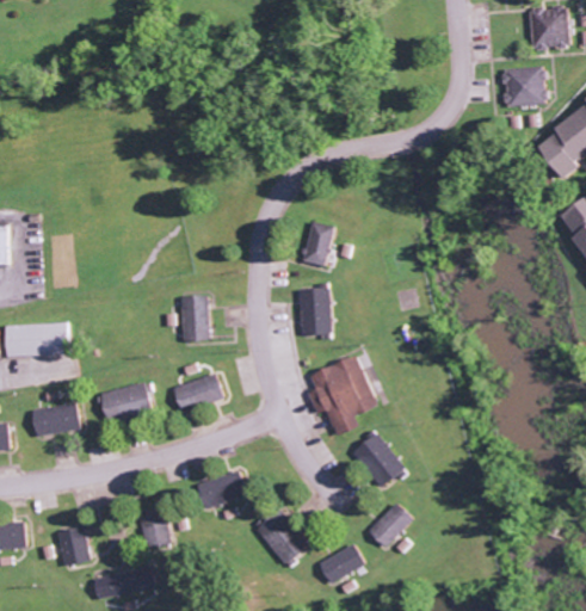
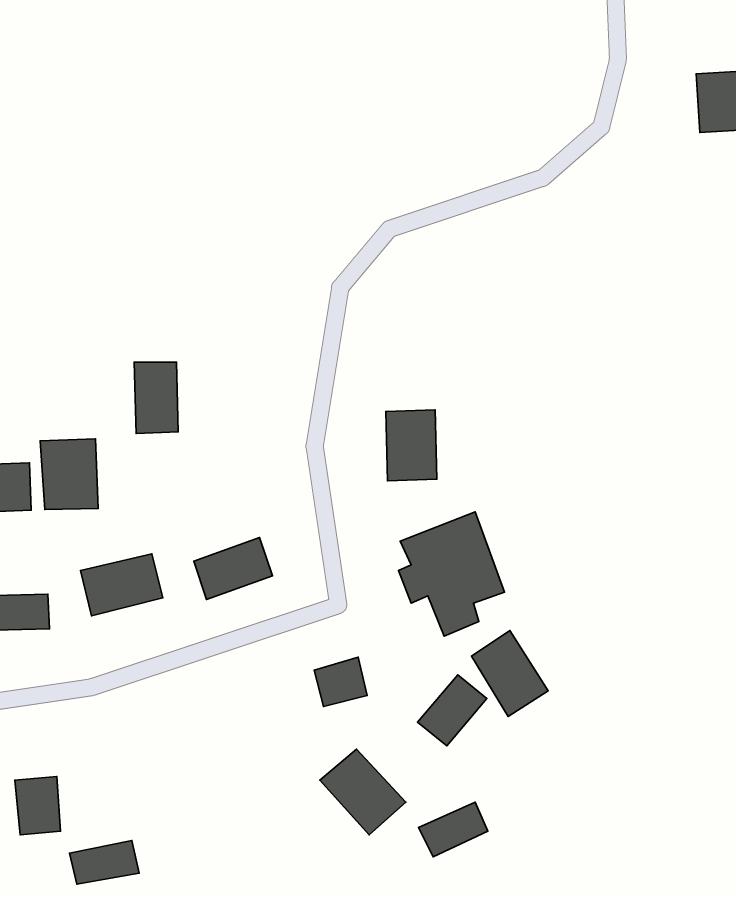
building: [301,221,334,266] -> none
building: [180,295,209,341] -> [134,362,178,434]
building: none -> [40,439,98,510]
building: [198,475,233,507] -> [314,657,367,707]
building: [369,501,414,548] -> [418,675,487,746]
building: [137,510,171,549] -> none

